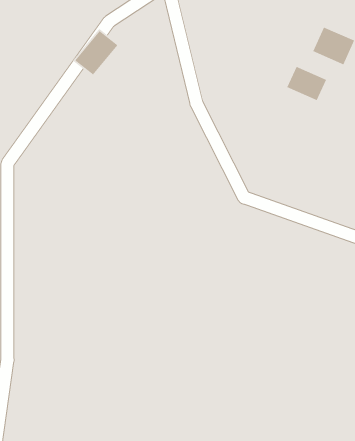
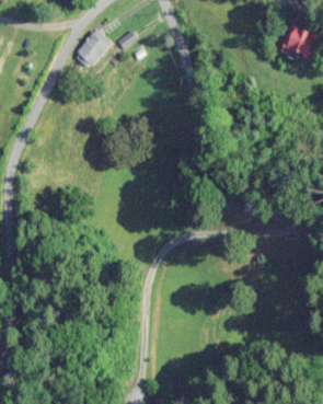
building: [286,66,327,101] -> none

